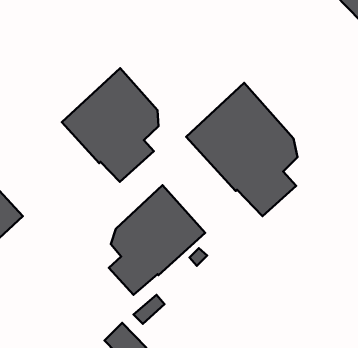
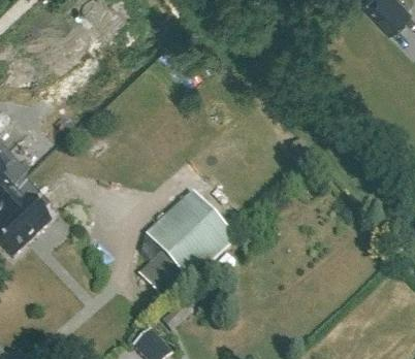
building: [62,68,158,182] -> none
building: [186,83,297,216] -> none

